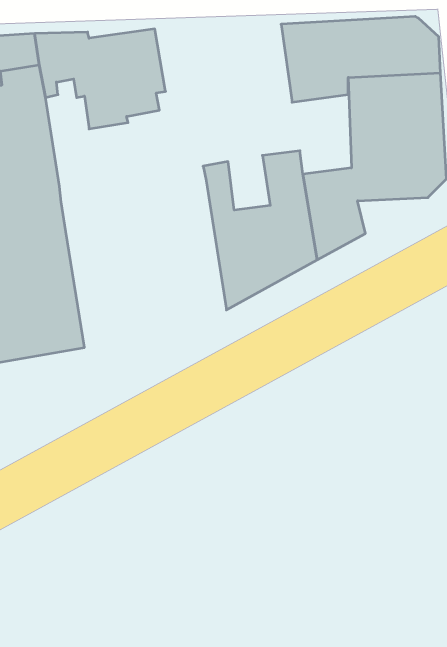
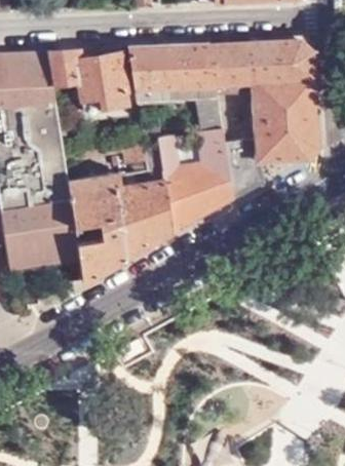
building: none -> [126,45,222,131]
building: none -> [64,139,174,281]

